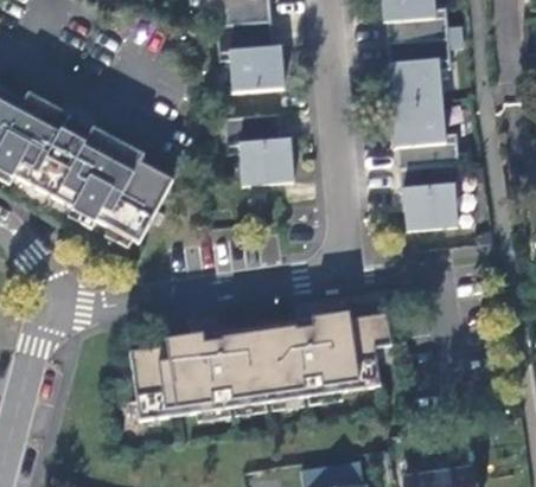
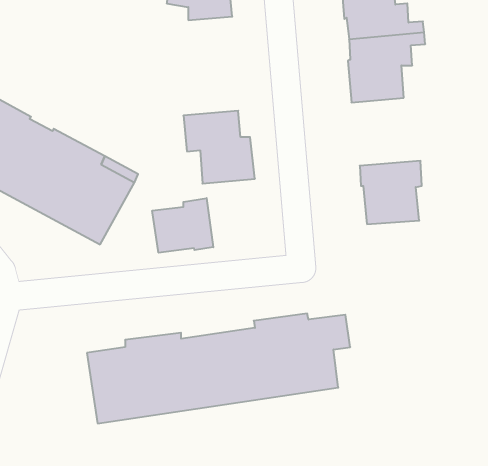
building: [217,18,283,89] -> none
building: [390,98,473,166] -> none
building: none -> [152,198,213,253]

